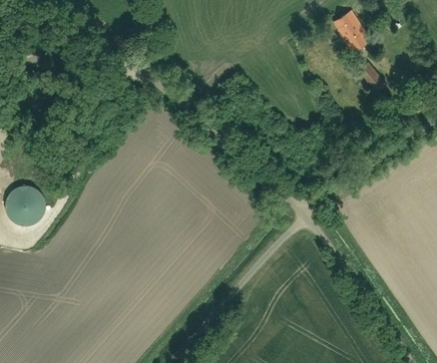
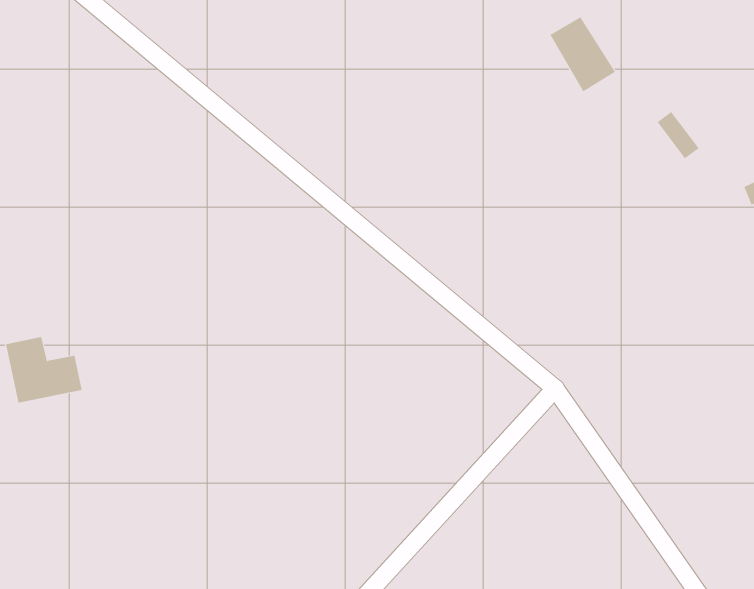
building: [332,11,368,52] -> [549,16,616,92]

